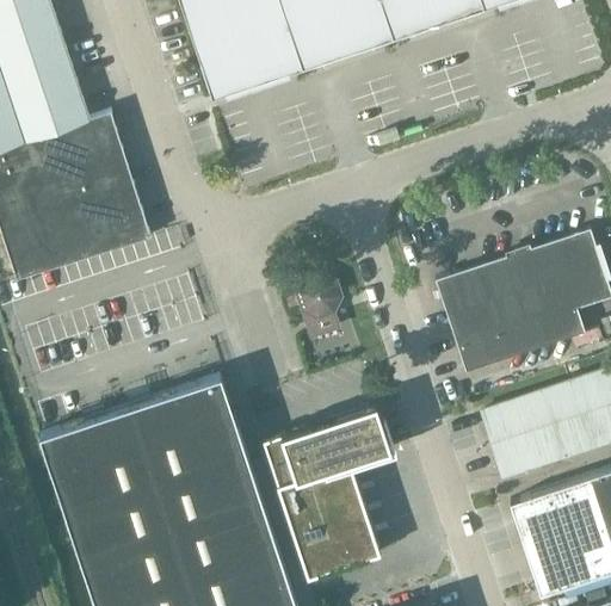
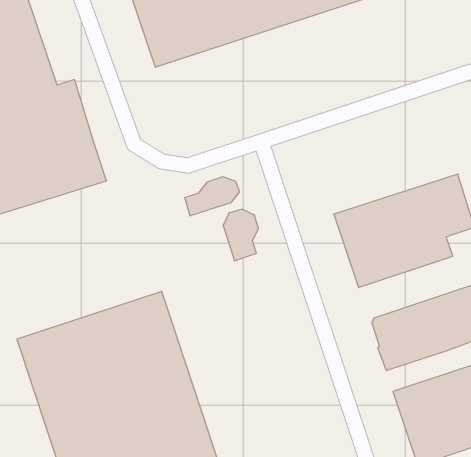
building: none -> [185,177,240,216]
building: [263,407,391,580] -> none

